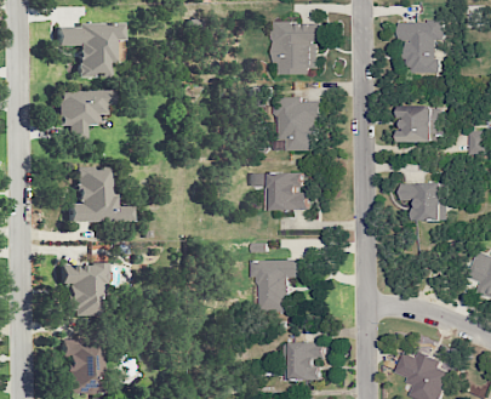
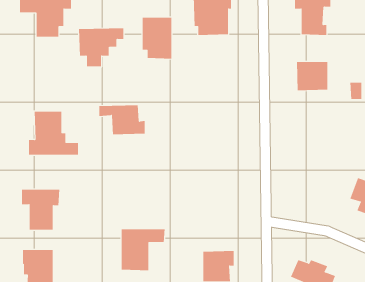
building: [56,90,113,138] -> [78,28,124,67]
building: [282,98,320,150] -> [142,17,172,59]
building: [251,172,309,210] -> [99,105,145,135]
building: [401,182,447,221] -> none
building: [256,260,312,312] -> [121,229,166,271]

